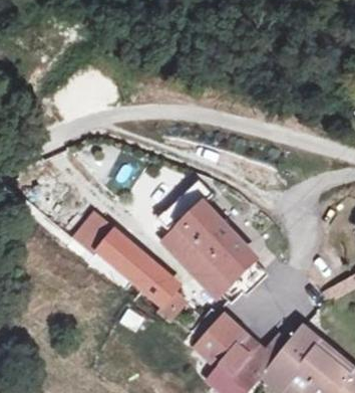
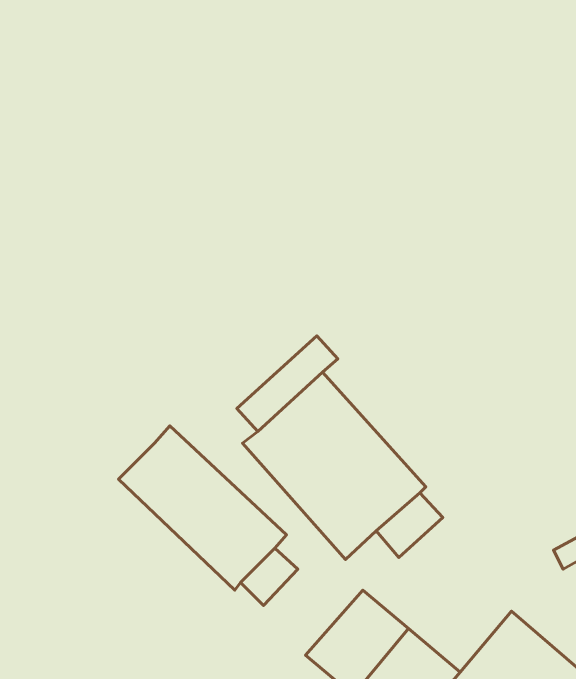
building: [72,213,115,255] -> none

